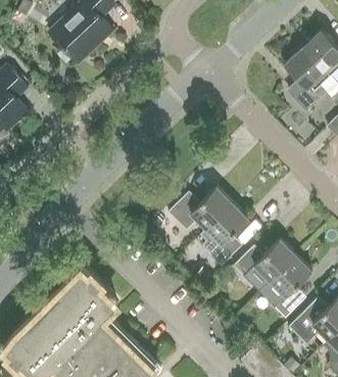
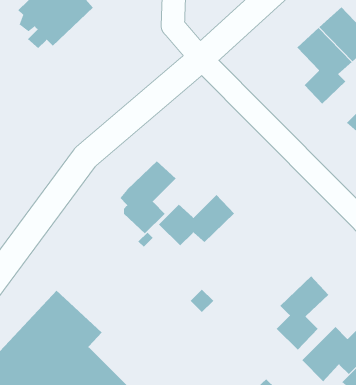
building: [200,203,248,266] -> [119,160,176,234]
building: [233,239,296,284] -> none

